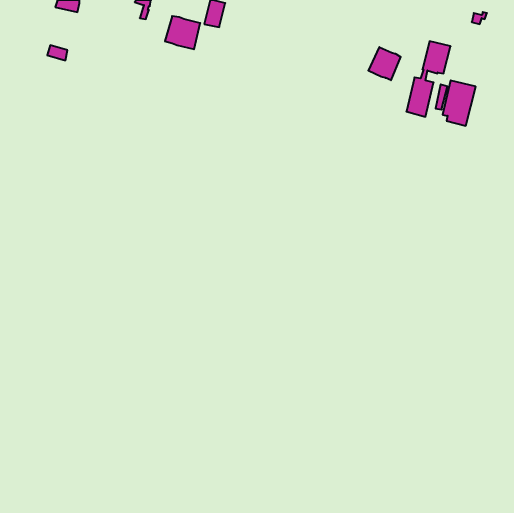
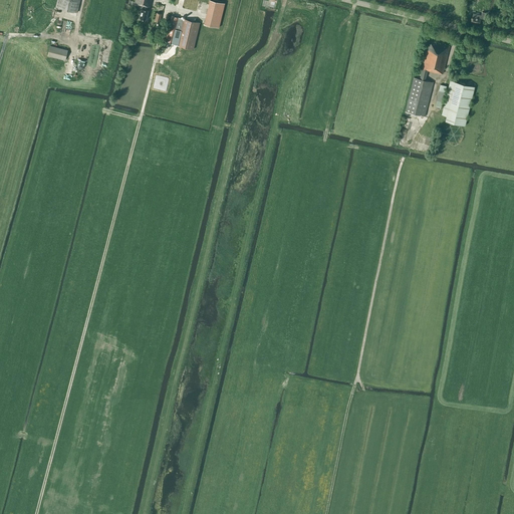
building: [368,47,401,80] -> none

